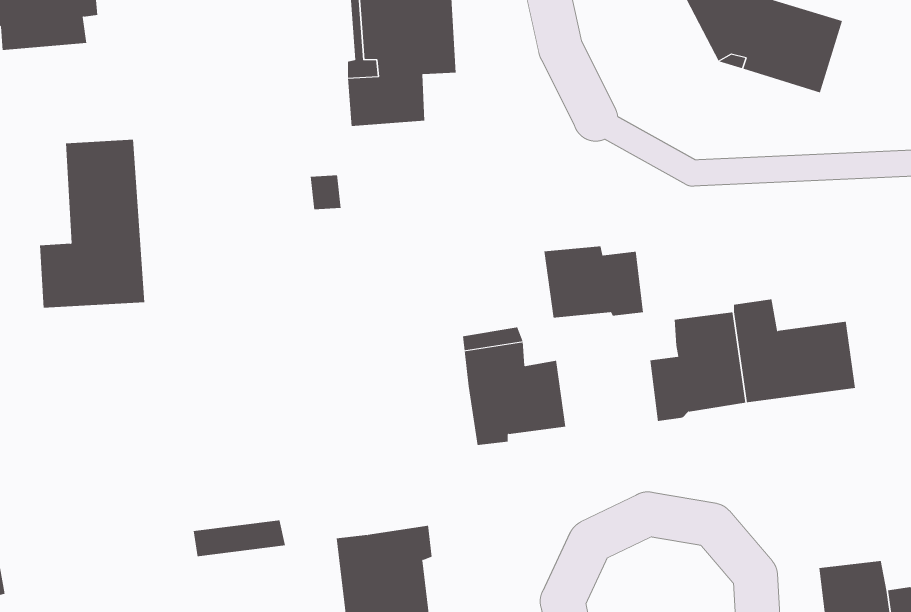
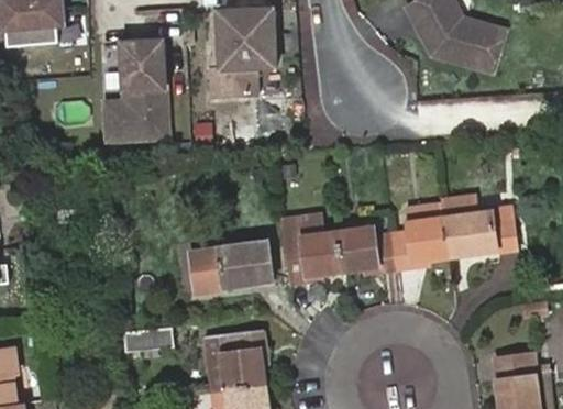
building: [39,139,145,308] -> [107,42,169,142]
building: [544,246,644,318] -> [338,229,397,272]
building: none -> [187,243,272,295]

